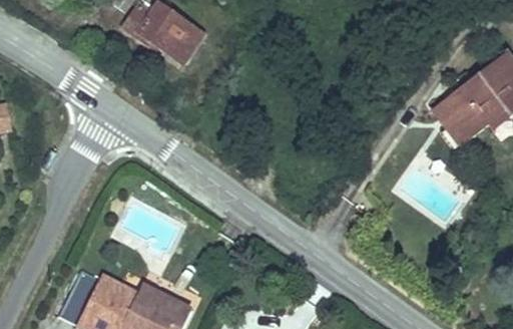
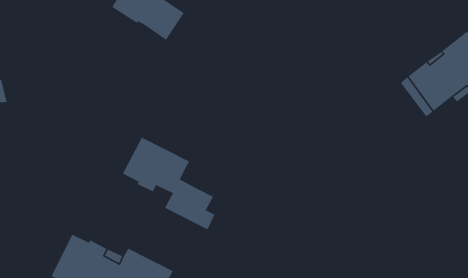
building: none -> [122,136,215,230]

